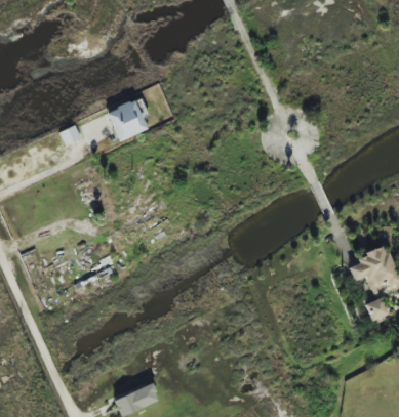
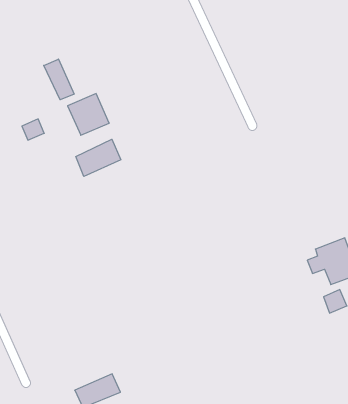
building: none -> [44,59,74,100]
building: none -> [76,139,121,176]

